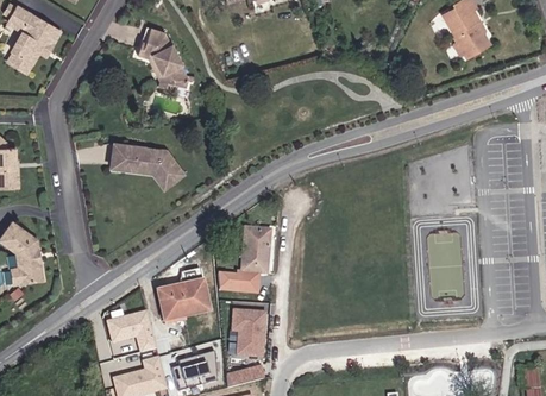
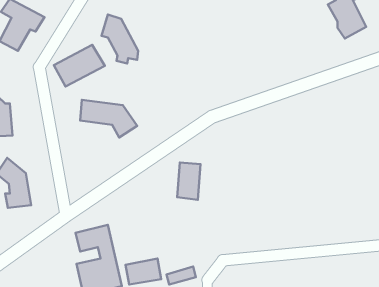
building: none -> [54,45,105,86]
building: [218,275,261,294] -> none
building: [156,279,212,323] -> none
building: [230,309,266,357] -> none

